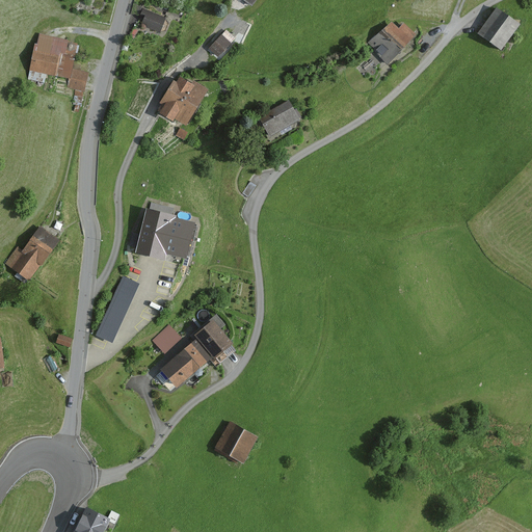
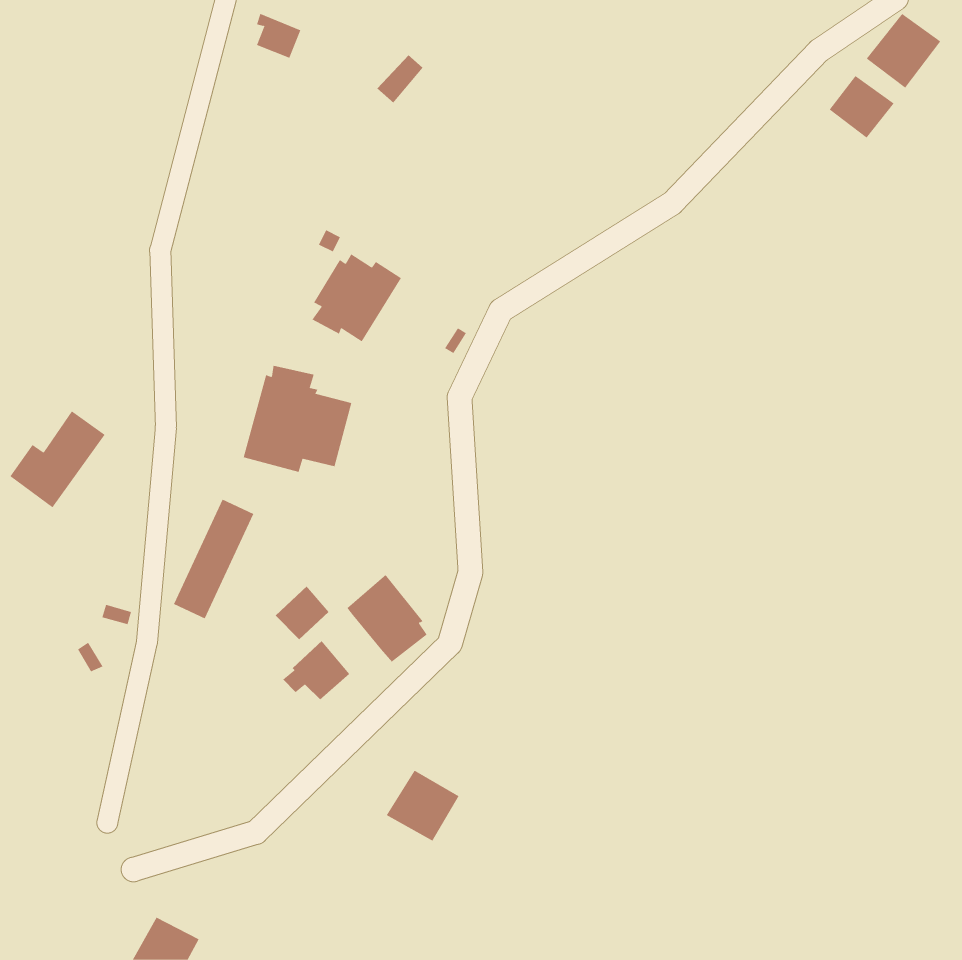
building: [368,21,417,64] -> none
building: [30,33,90,112] -> none
building: none -> [829,75,894,138]
building: [158,76,208,125] -> [311,254,402,342]
building: [259,99,299,135] -> none
building: [178,340,210,372] -> none

